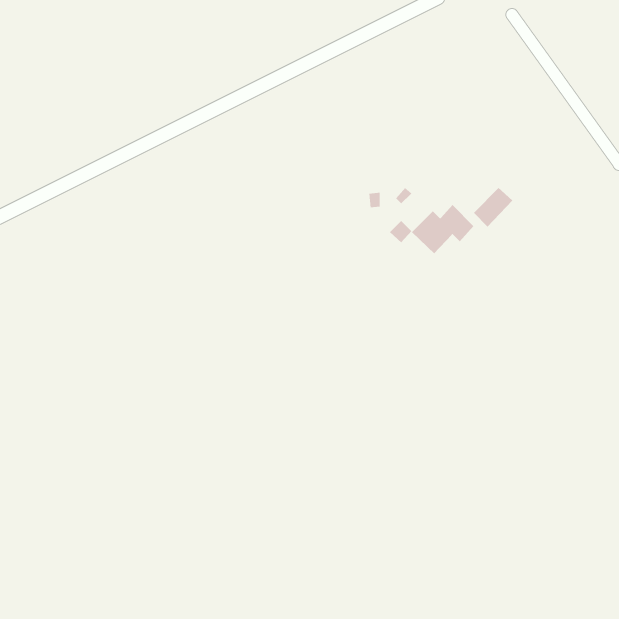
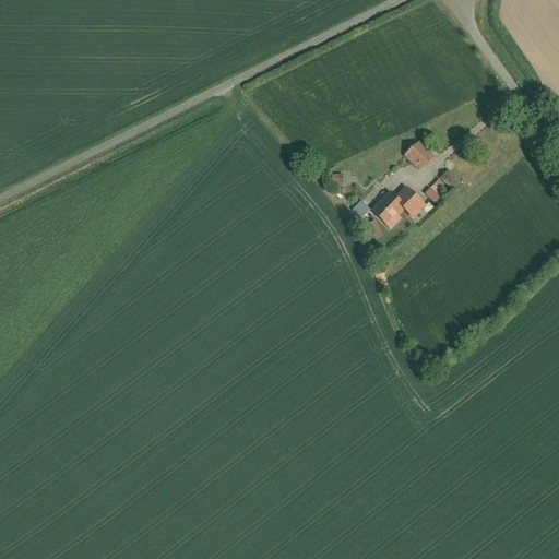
building: none -> [403,140,433,170]

